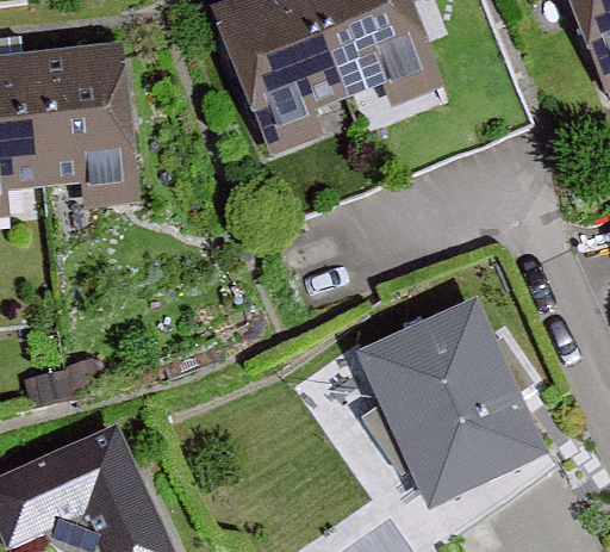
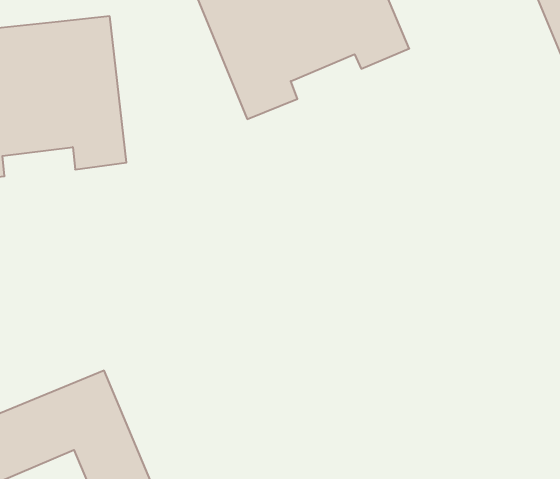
building: [359,297,549,506] -> none

